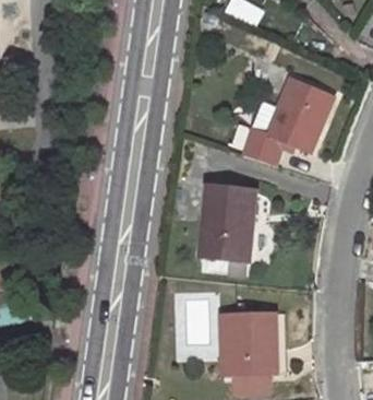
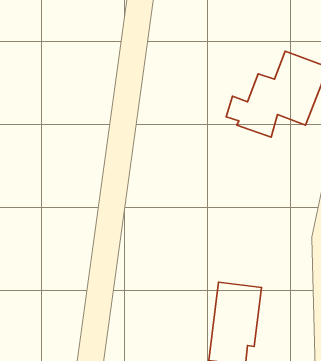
building: [205,184,262,263] -> none

